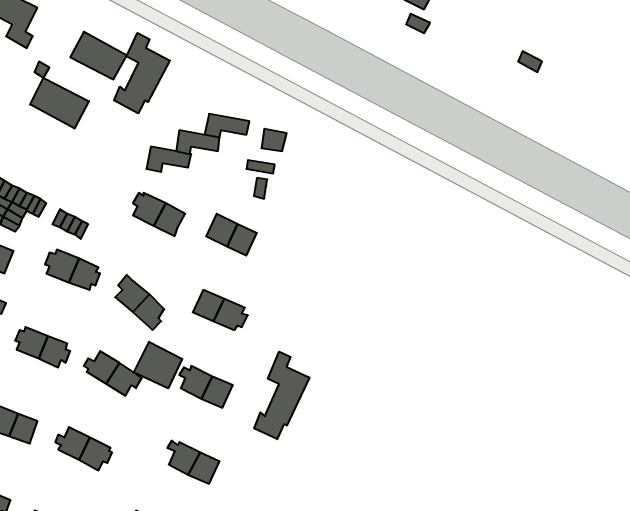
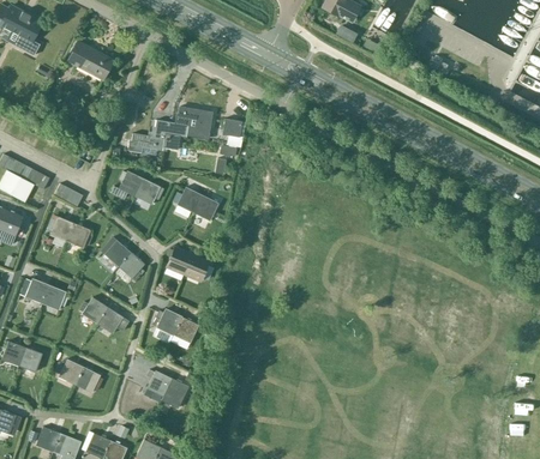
building: [114,33,170,113] -> none
building: [30,78,89,129] -> none
building: [134,342,182,388] -> none
building: [254,352,309,439] -> none

